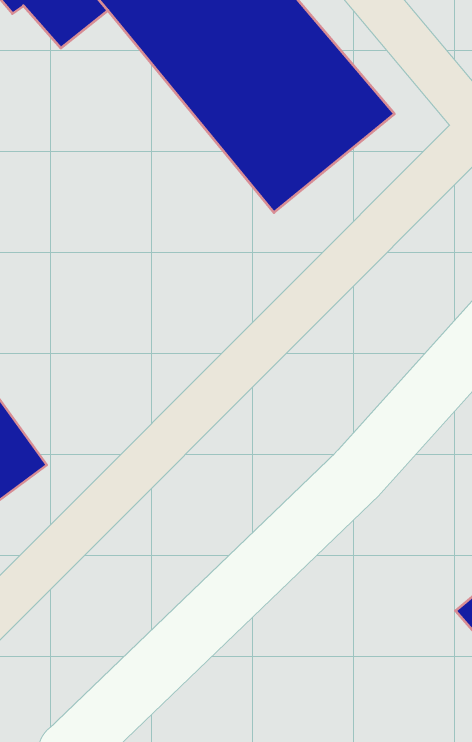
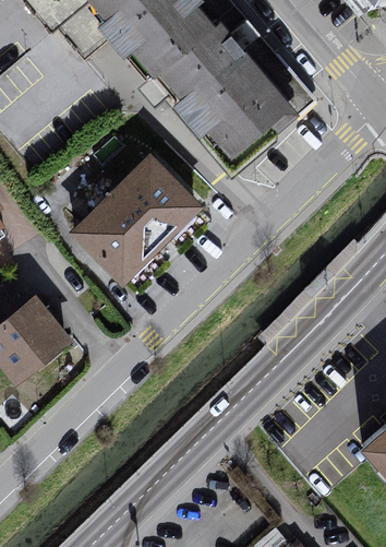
building: none -> [70,154,200,284]

